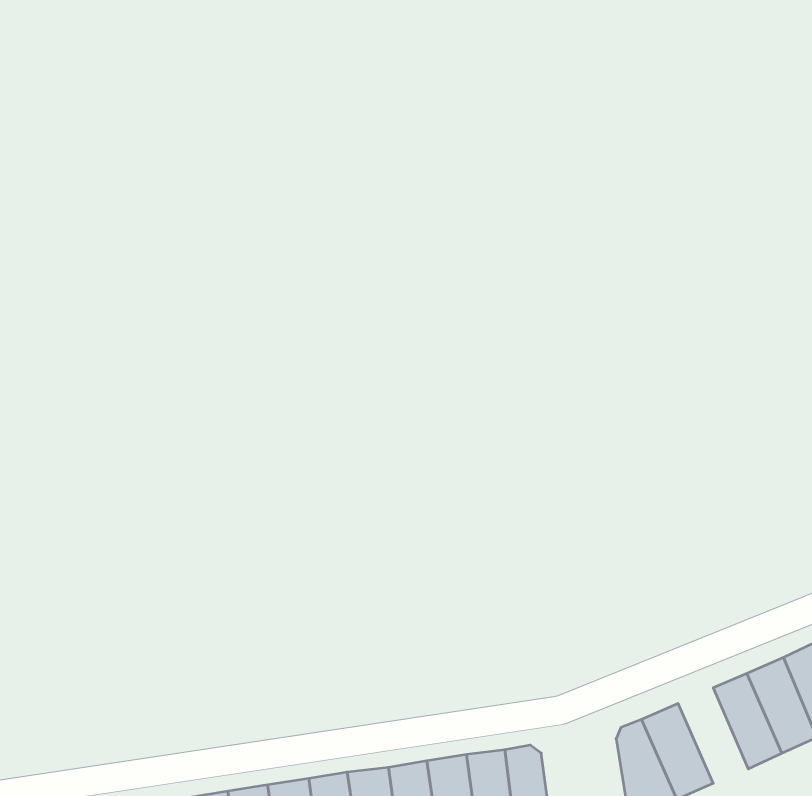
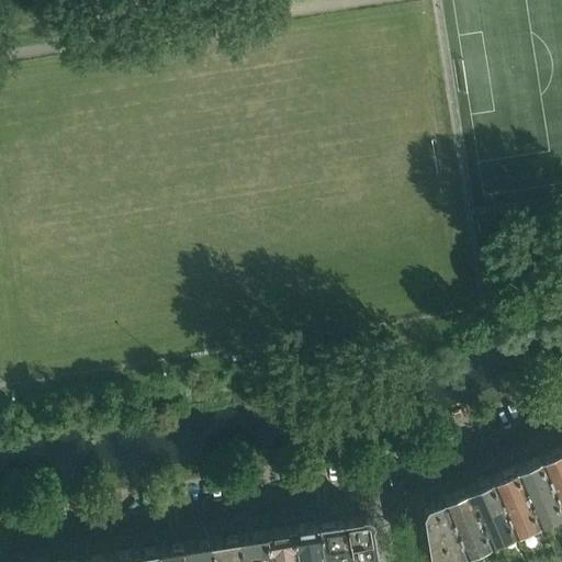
building: none -> [469,486,517,552]

